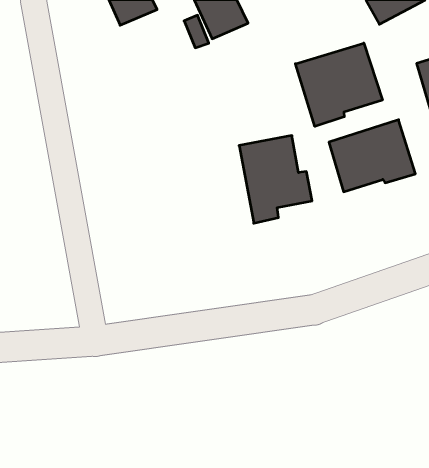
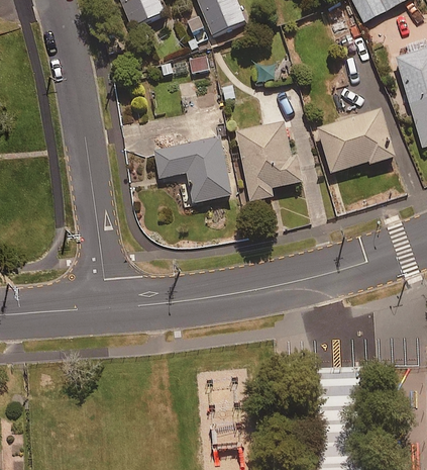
building: [295,43,382,126] -> none
building: none -> [154,137,231,202]

